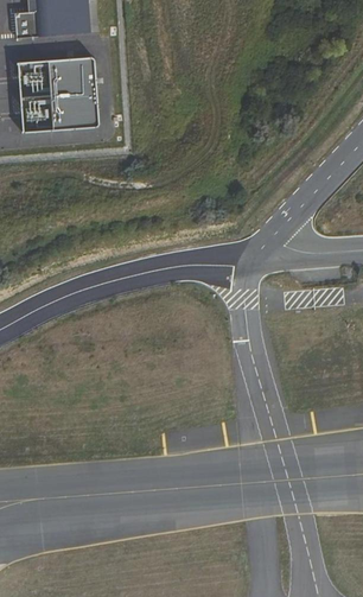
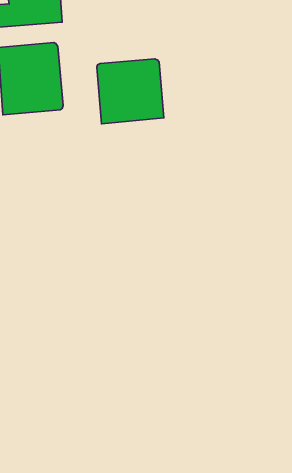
building: none -> [97,59,164,124]

